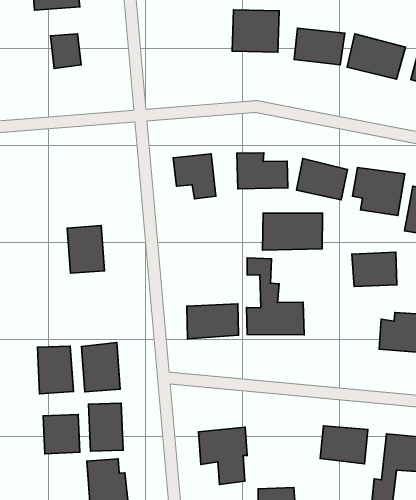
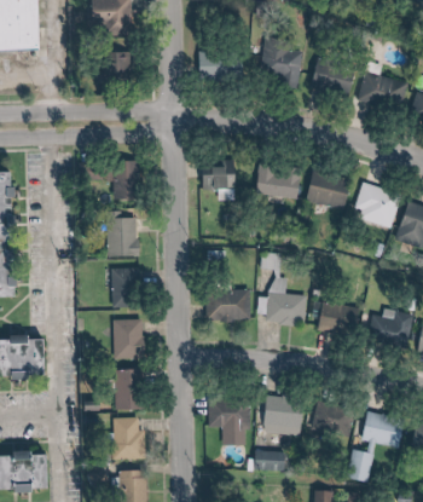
building: none -> [203,51,245,79]
building: none -> [108,162,141,198]
building: [262,213,322,250] -> none
building: [352,252,397,287] -> [321,304,359,333]
building: [38,346,73,394] -> [112,267,141,307]
building: [43,414,80,454] -> none
building: none -> [263,394,306,437]

